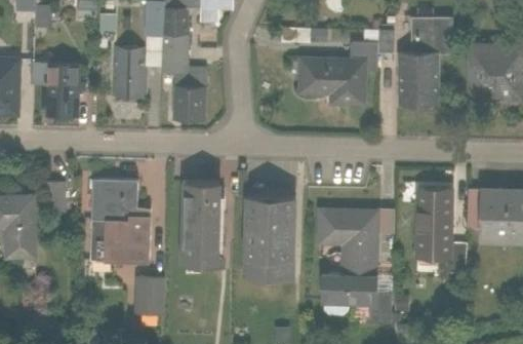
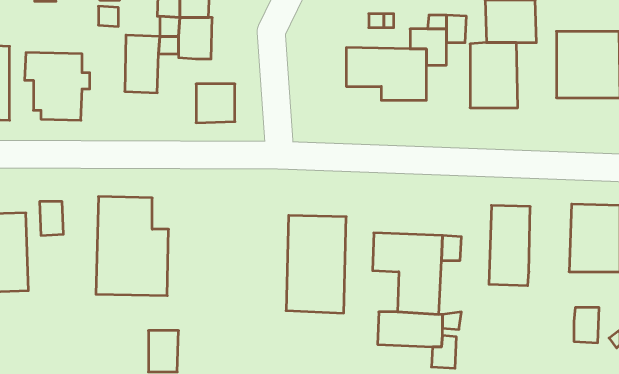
building: [173,66,205,86] -> none
building: [184,182,224,264] -> none
building: [445,240,466,269] -> [574,308,599,343]

